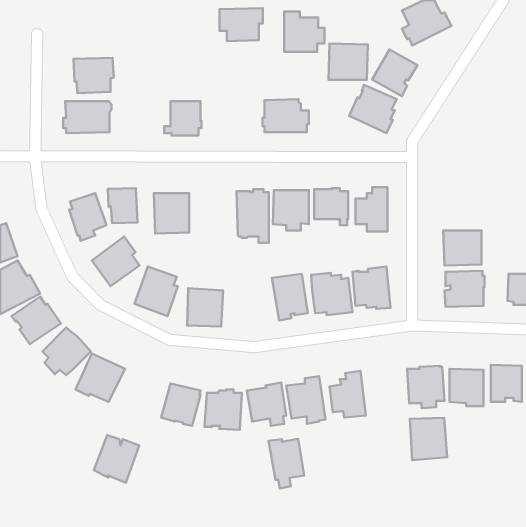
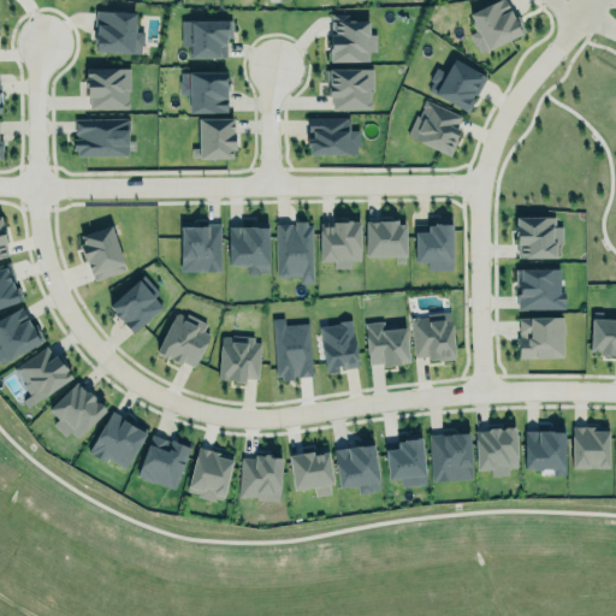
building: none -> [96,10,146,54]
building: [220,8,263,41] -> [183,20,233,59]
building: [328,44,368,80] -> [328,69,374,111]
building: none -> [182,72,230,113]
building: none -> [517,217,565,259]
building: [108,188,137,223] -> none
building: none -> [231,221,271,274]
building: none -> [274,319,314,380]
building: [410,418,447,460] -> [431,433,474,482]
building: [94,435,139,483] -> [140,434,192,490]
building: [269,439,304,488] -> none

